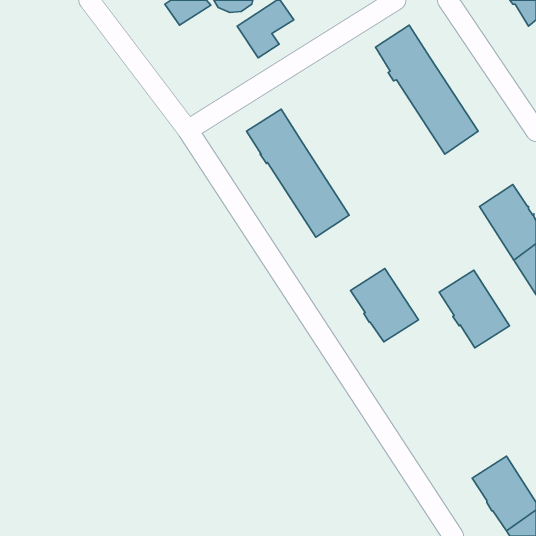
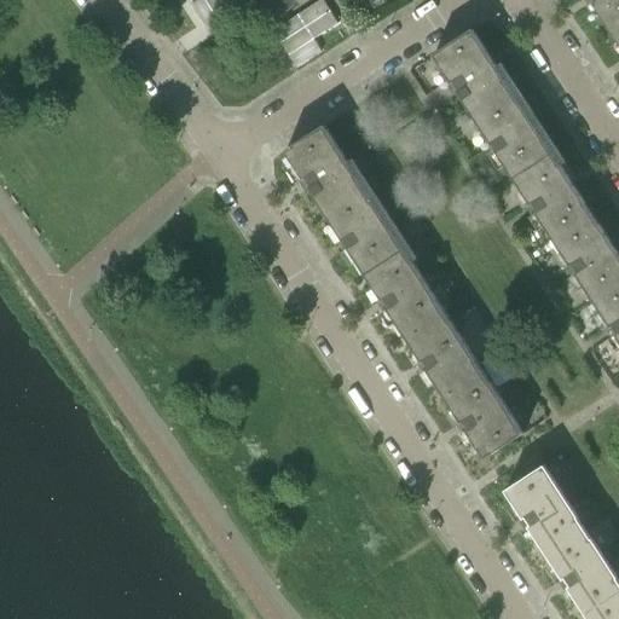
building: none -> [513,151,591,238]
building: none -> [364,248,444,335]
building: [439,270,510,348] -> [442,369,523,458]
building: none -> [504,464,584,551]

